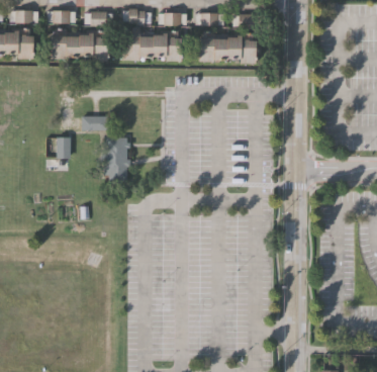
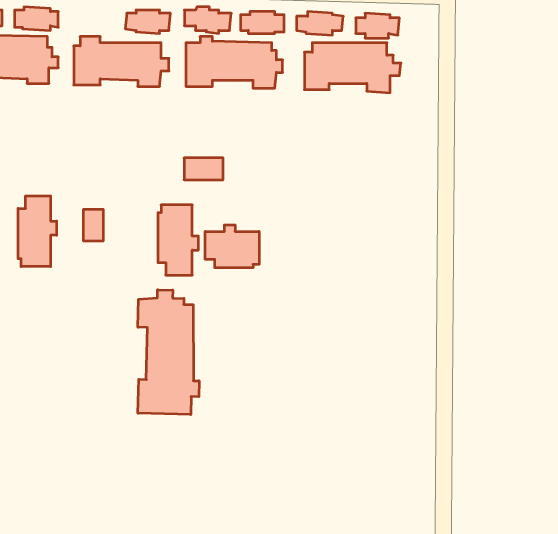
building: [49,9,78,23] -> none
building: [83,115,108,129] -> [184,158,223,180]
building: none -> [18,196,57,267]
building: none -> [205,225,259,268]
building: none -> [138,290,199,415]

